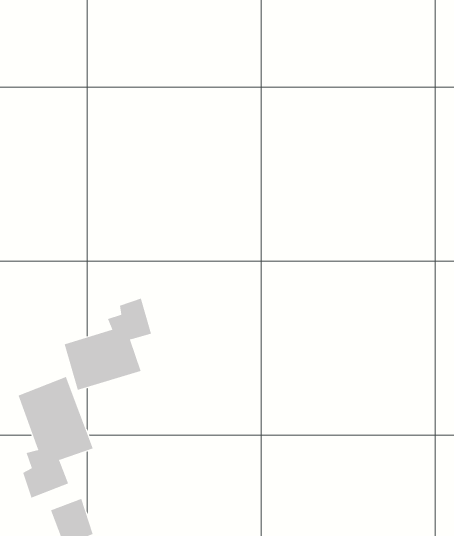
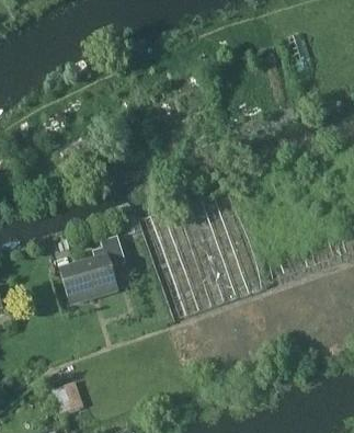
building: [18,376,94,498] -> none

